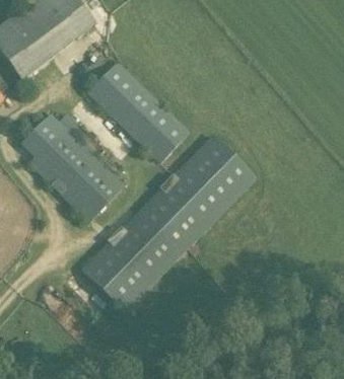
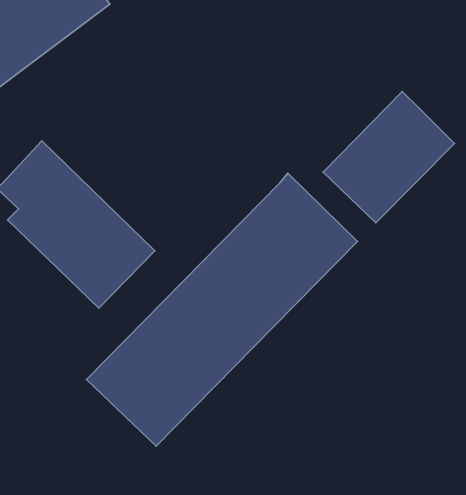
building: [88,62,190,163] -> none
building: none -> [323,92,454,223]

